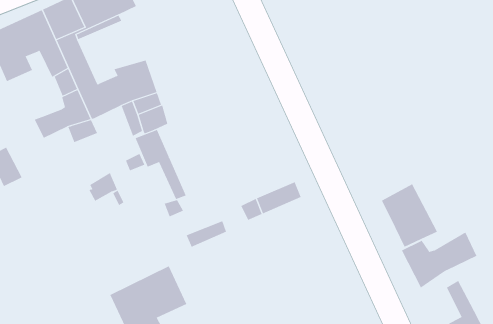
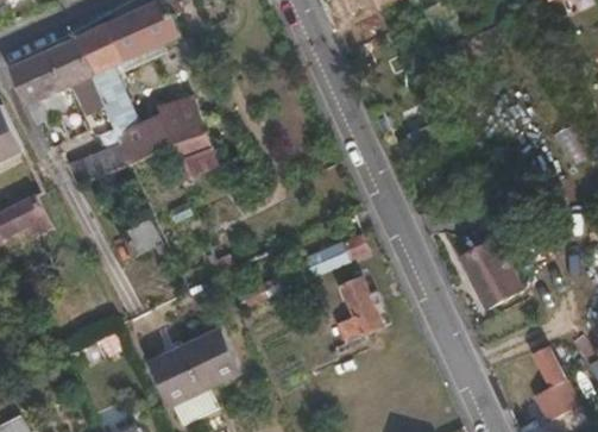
building: [135,129,187,200] -> none
building: none -> [335,276,382,344]
building: [401,231,477,289] -> none

